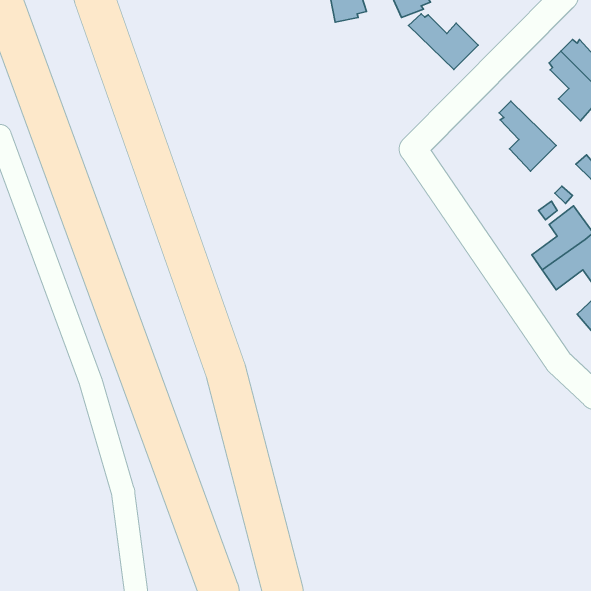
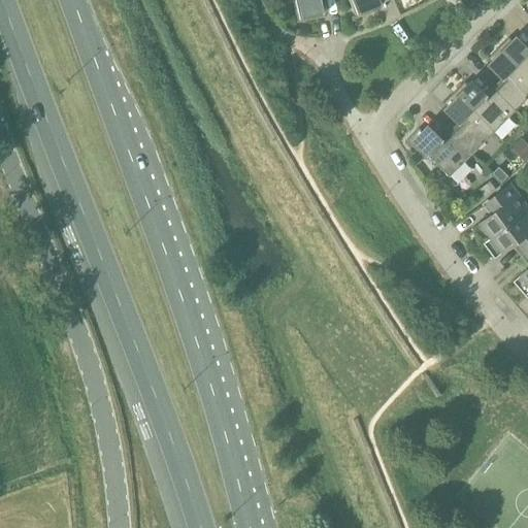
building: [408,14,478,70] -> [456,79,518,129]
building: none -> [409,125,473,174]

